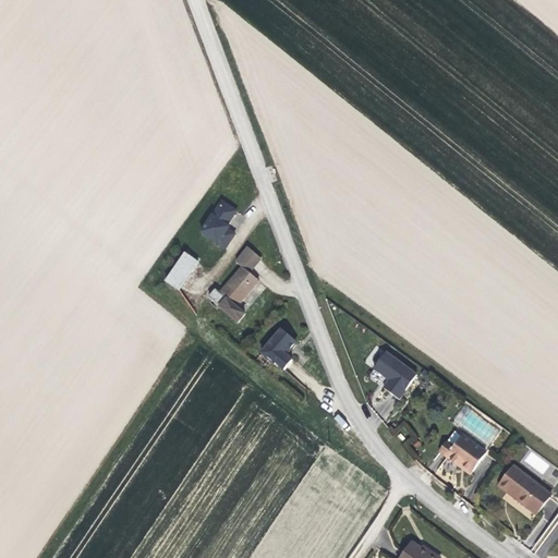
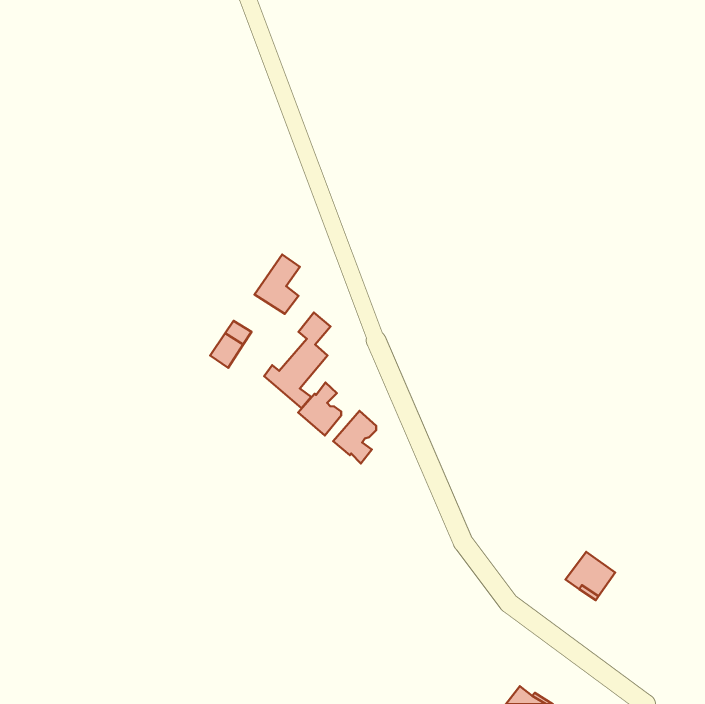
building: none -> [298,382,341,436]
building: [372,351,415,399] -> none
building: [497,465,548,512] -> none

